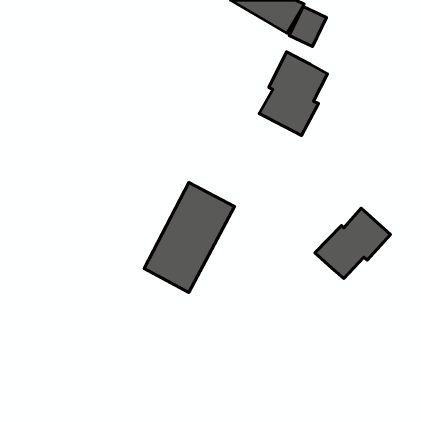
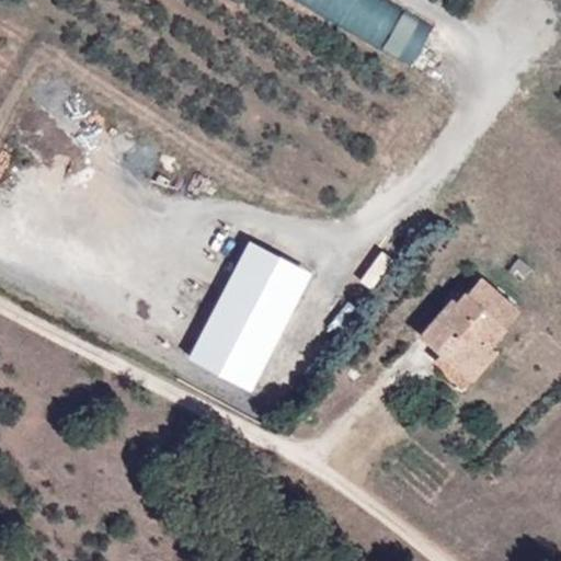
building: [259,52,328,135] -> none
building: none -> [433,342,493,388]

